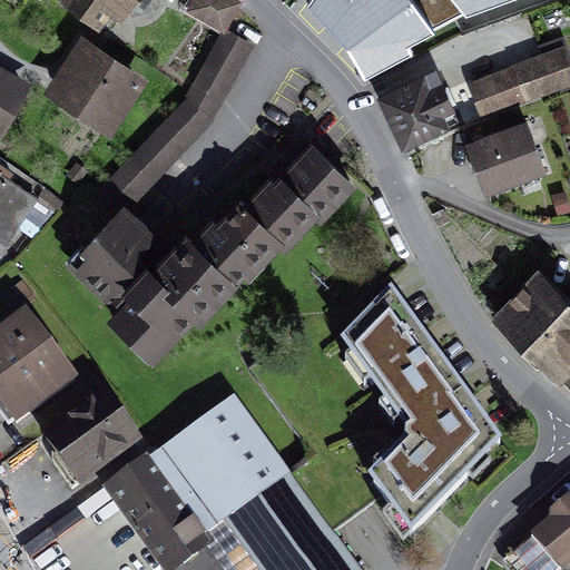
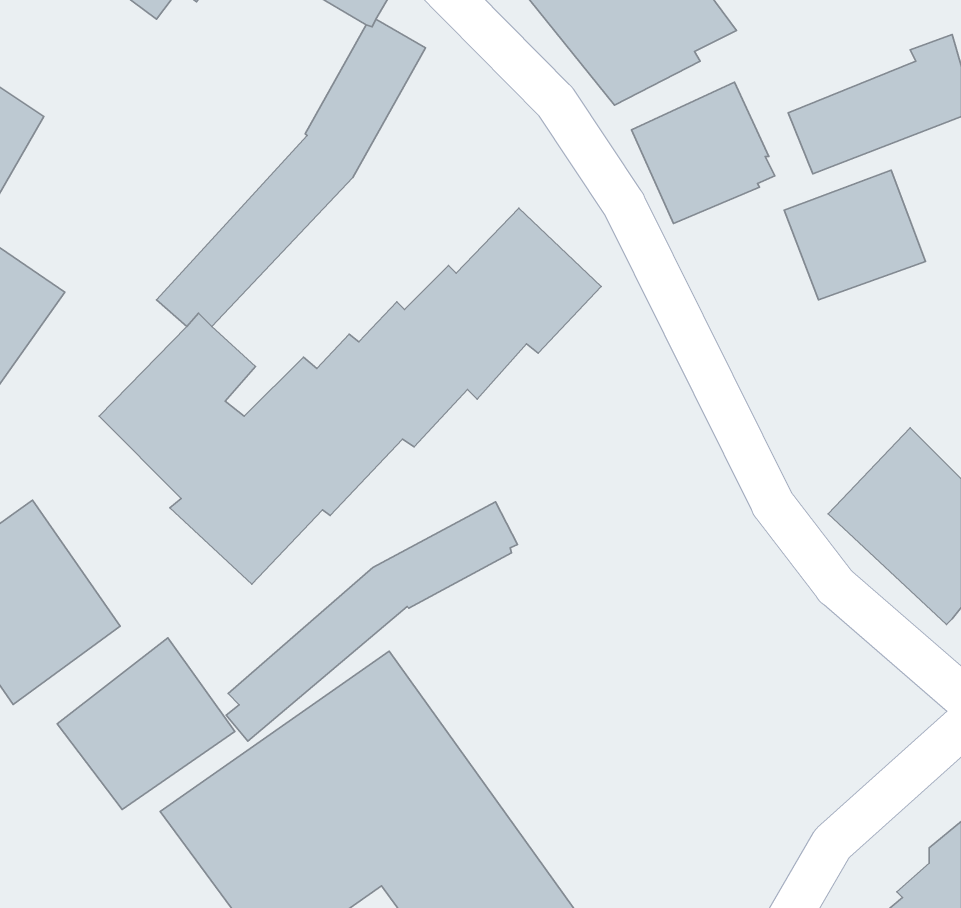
building: [42,33,149,136] -> none
building: [341,288,502,538] -> none
building: none -> [226,502,517,741]

